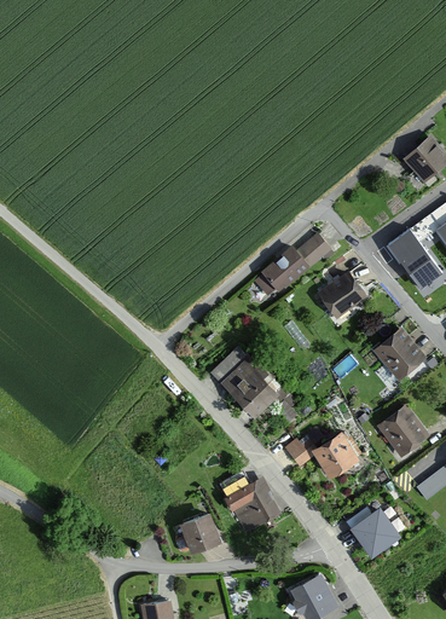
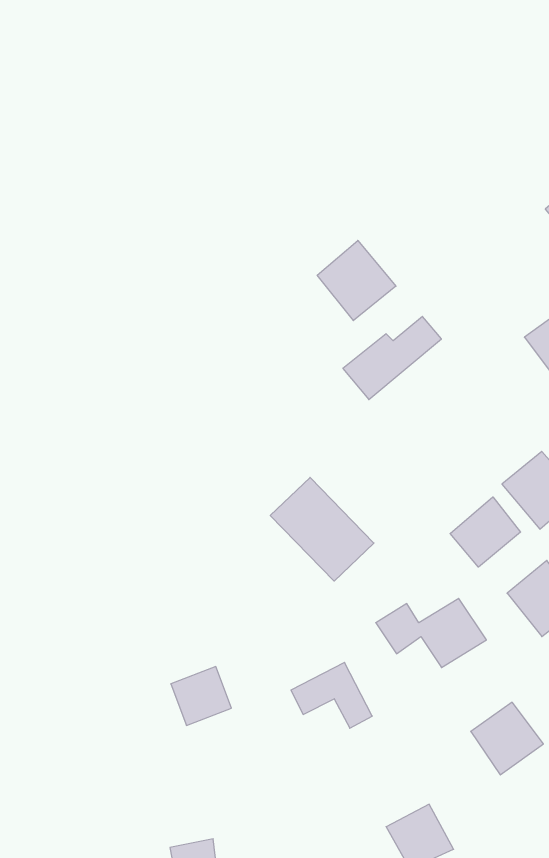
building: none -> [317,240,396,321]
building: [318,271,366,319] -> none
building: none -> [450,497,521,567]
building: [180,511,222,553] -> [171,667,231,725]

